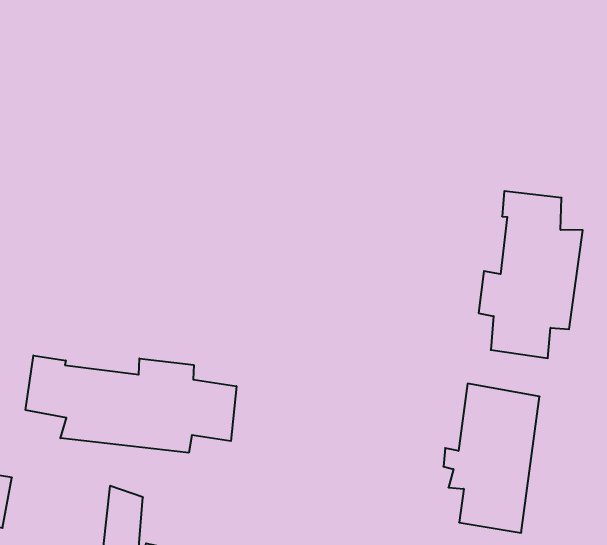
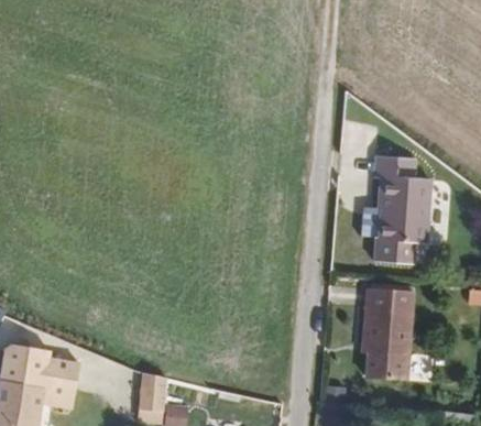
building: [26,355,236,453] -> none

